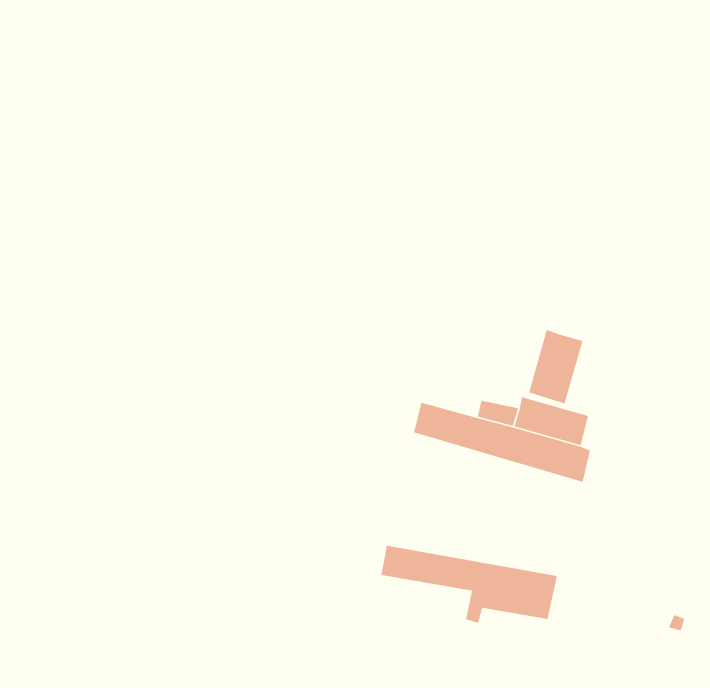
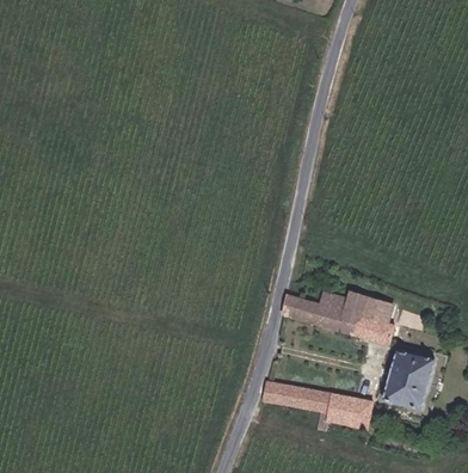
building: [528,329,584,404] -> none
building: none -> [384,349,435,408]

